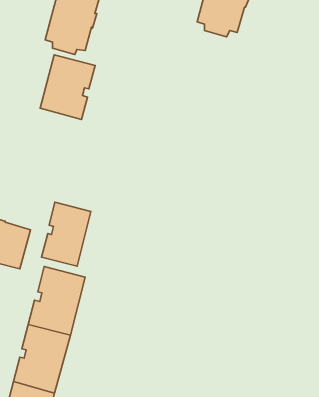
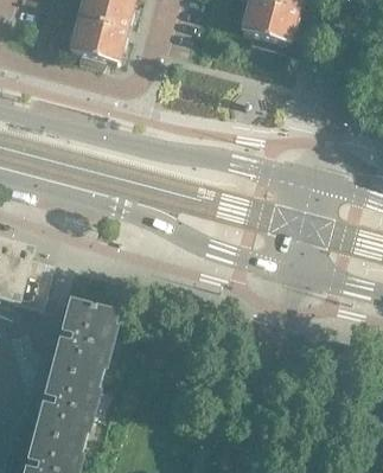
building: [40,55,95,119] -> none
building: [42,202,91,266] -> none

